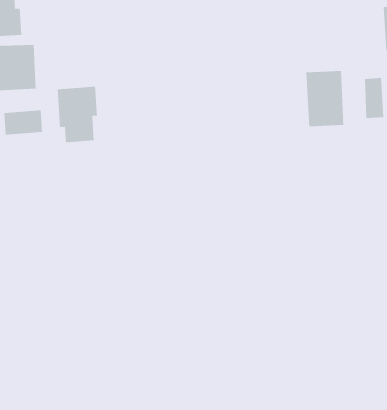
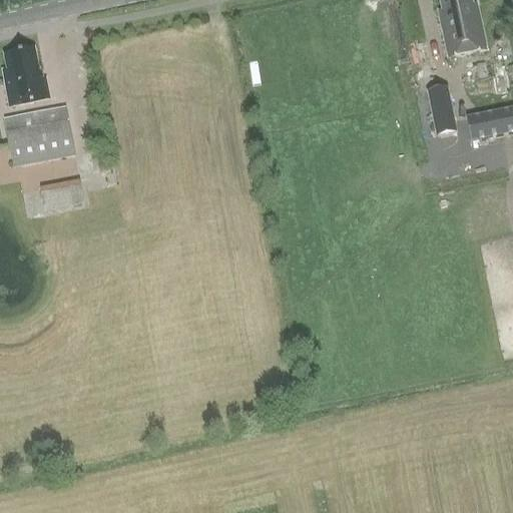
building: [306,70,344,127] -> none
building: [57,86,98,143] -> none

